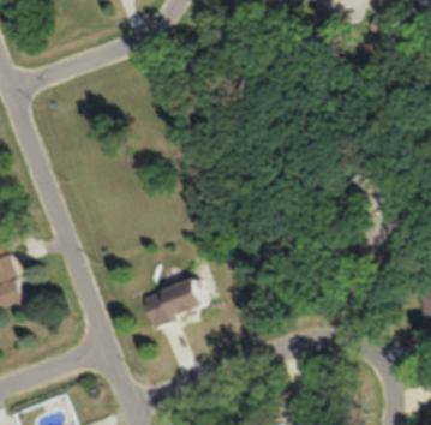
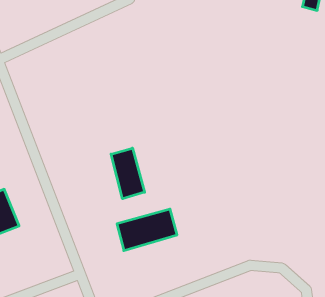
building: none -> [111,148,145,199]

